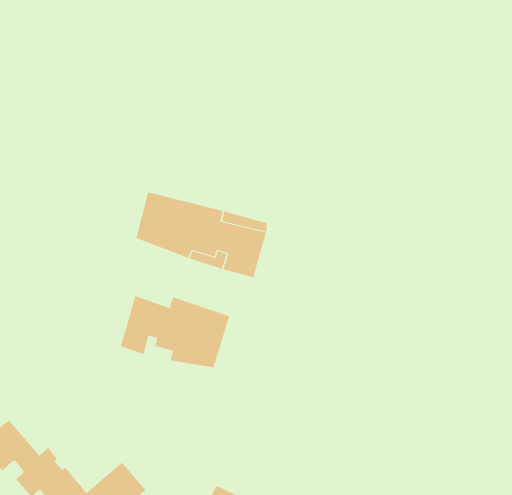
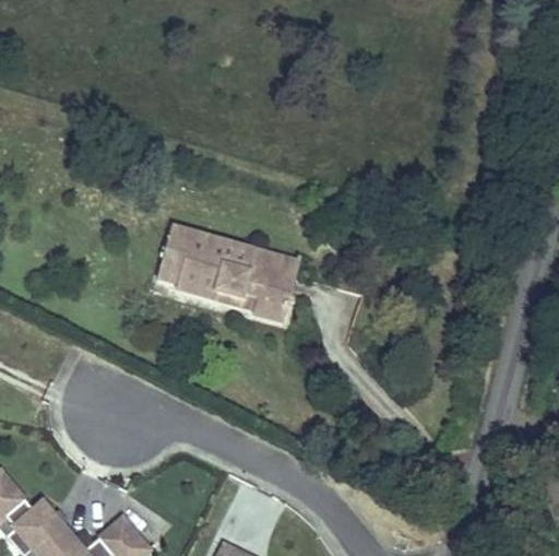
building: [120,295,230,368] -> none

